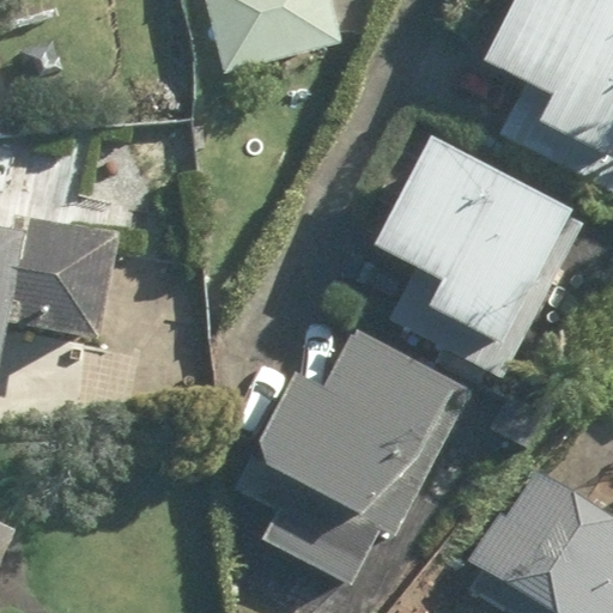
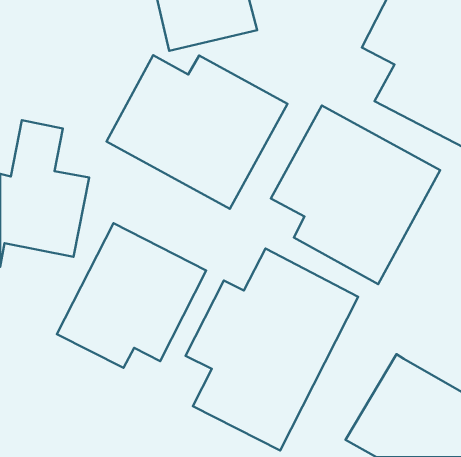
building: none -> [107,55,288,209]
building: none -> [57,223,206,368]

